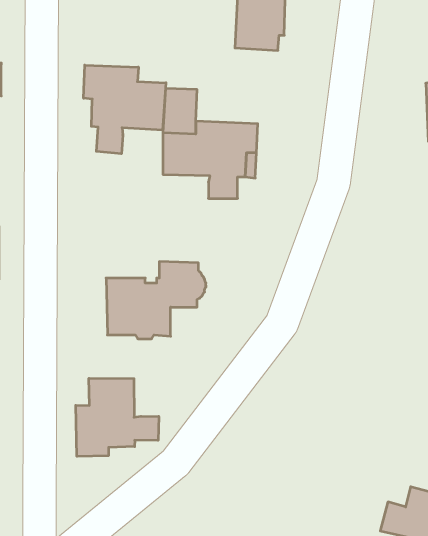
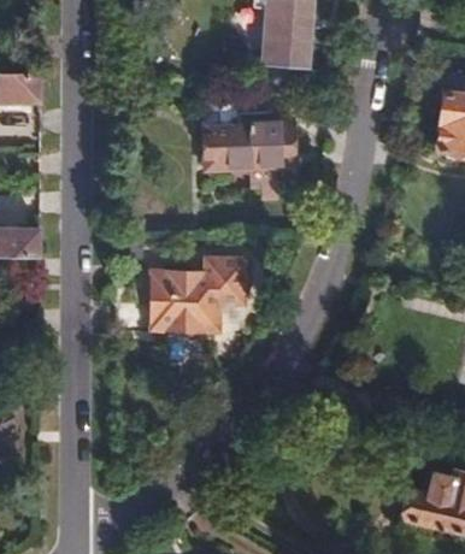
building: [84,65,166,154] -> none
building: [76,378,159,456] -> none

